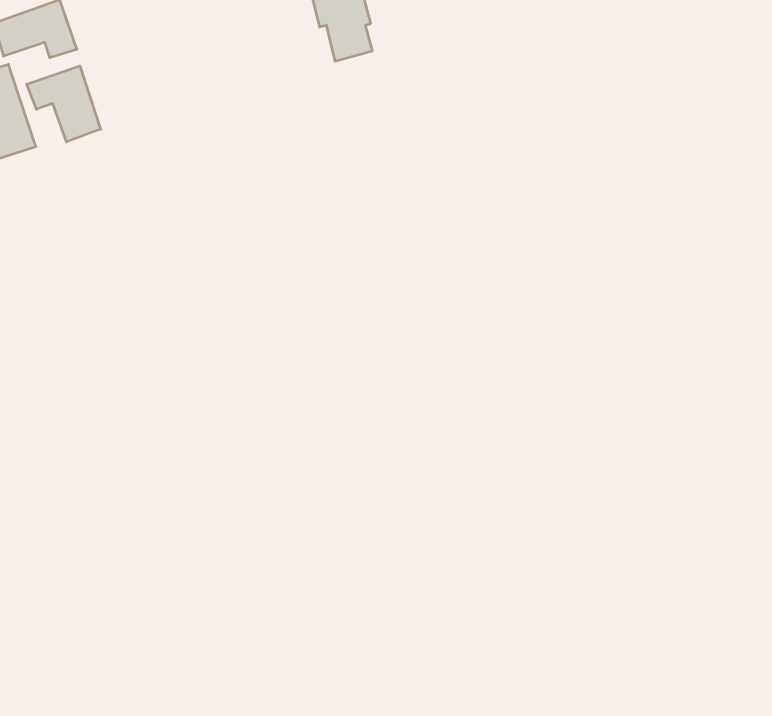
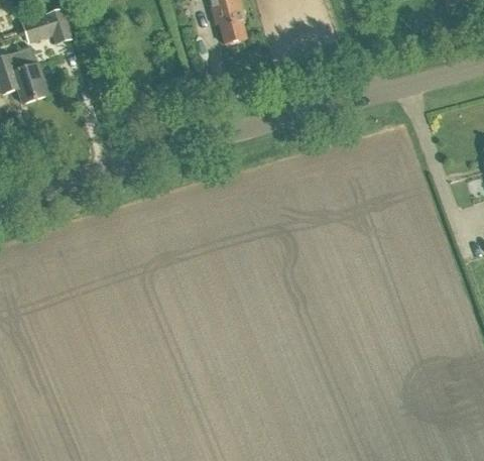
building: [27,66,101,142] -> none

